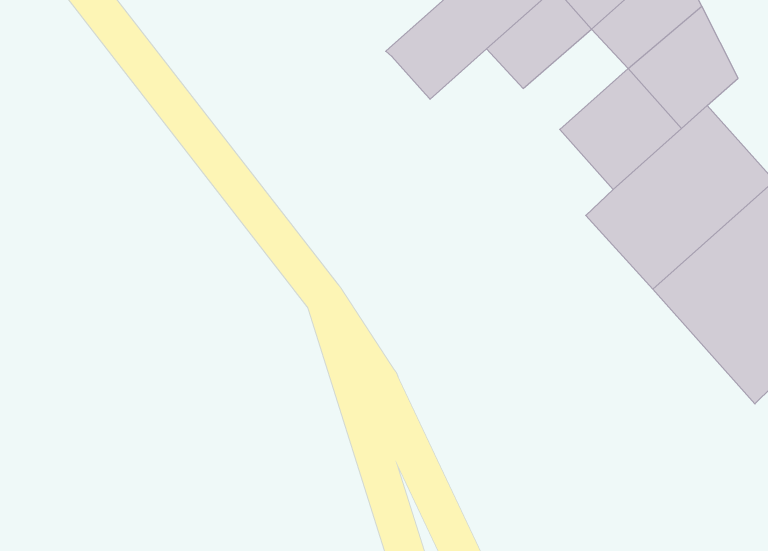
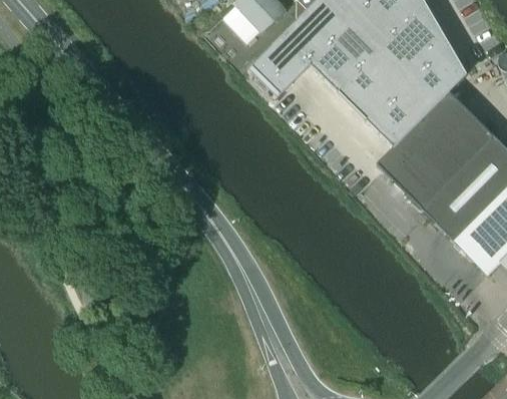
building: none -> [335,47,399,110]

